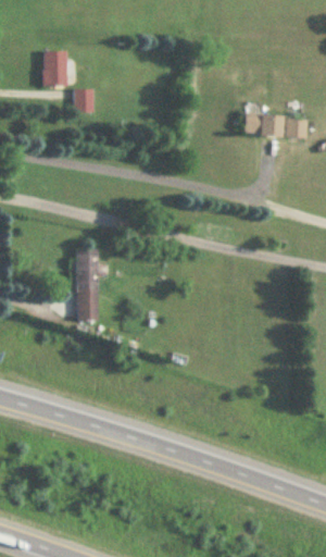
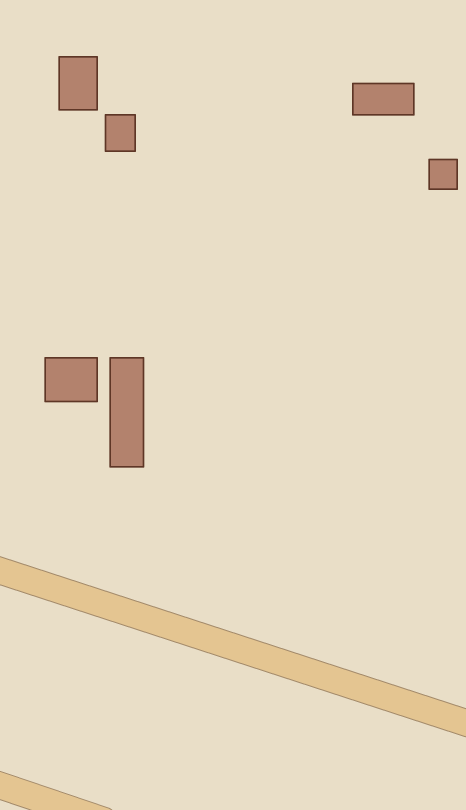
building: [242,114,283,135] -> [353,83,414,115]
building: none -> [45,358,97,402]

